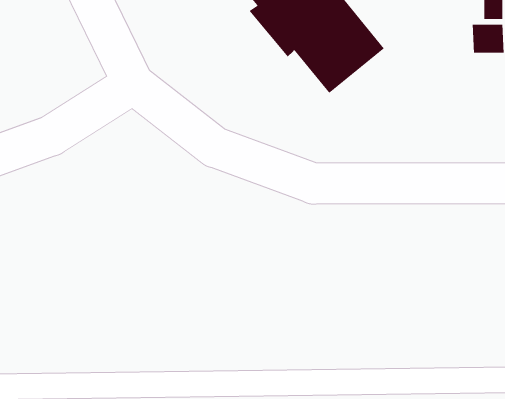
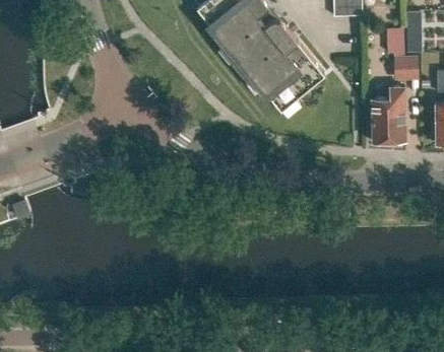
building: none -> [372,86,405,145]

